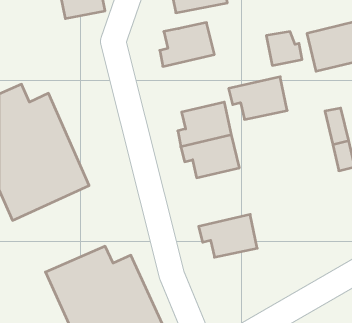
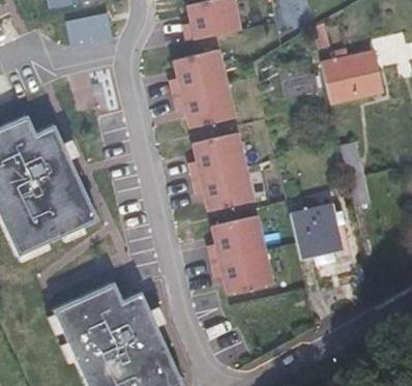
building: [229,77,287,119] -> [173,84,234,128]
building: none -> [291,203,344,263]
building: none -> [207,217,264,263]

